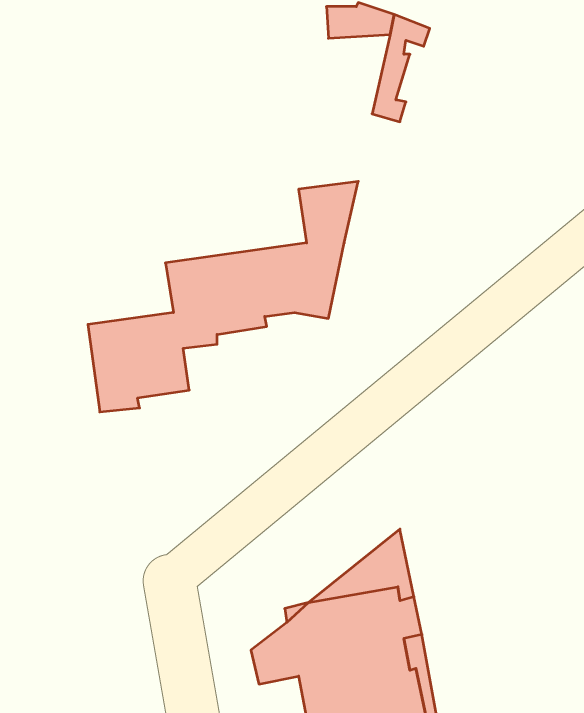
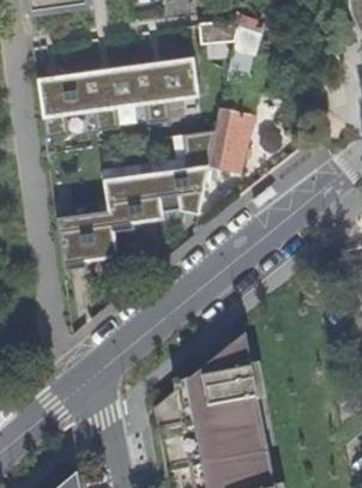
building: none -> [41,53,203,134]
building: none -> [215,110,258,167]

